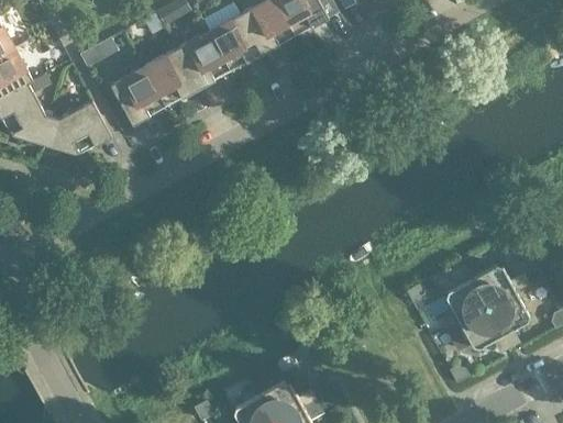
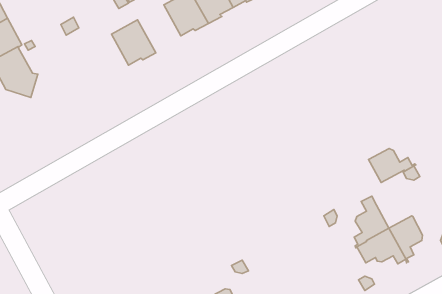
building: [176,30,230,89] -> none
building: [111,66,165,124] -> none
building: [44,100,112,153] -> none
building: [472,264,530,305] -> [369,149,416,182]

